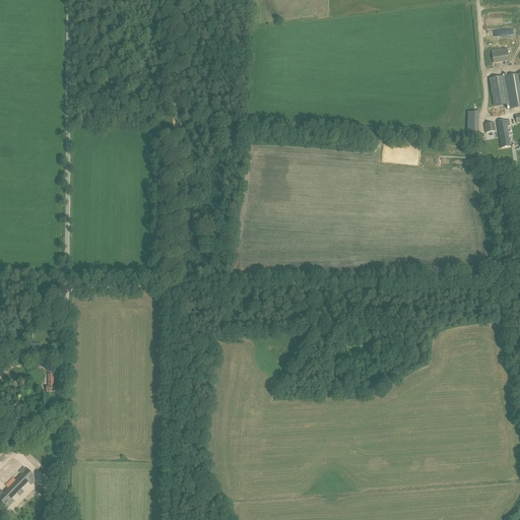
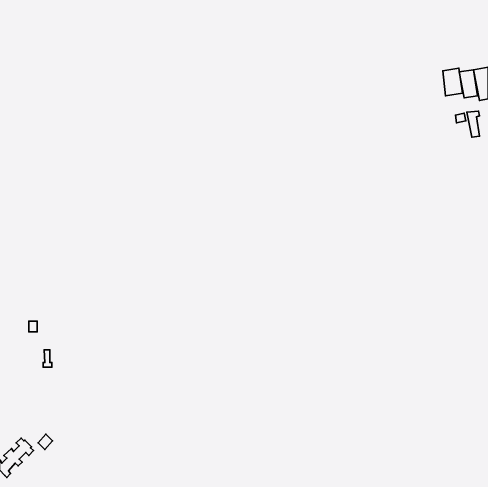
building: none -> [443,68,462,96]

